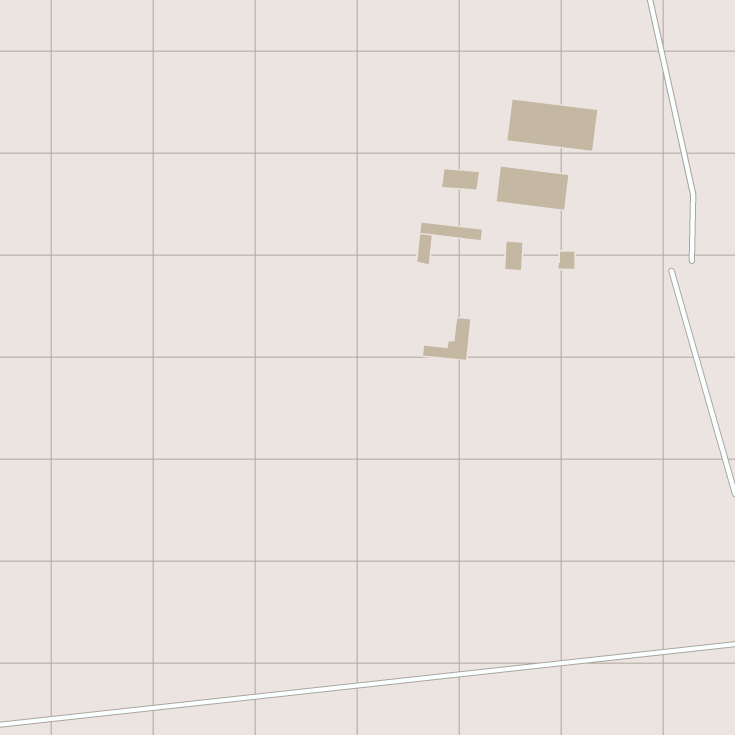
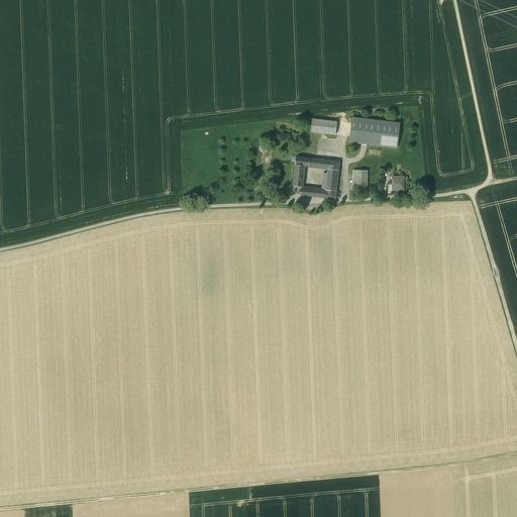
building: [506,99,598,152] -> none
building: [422,317,471,361] -> [303,168,337,198]

